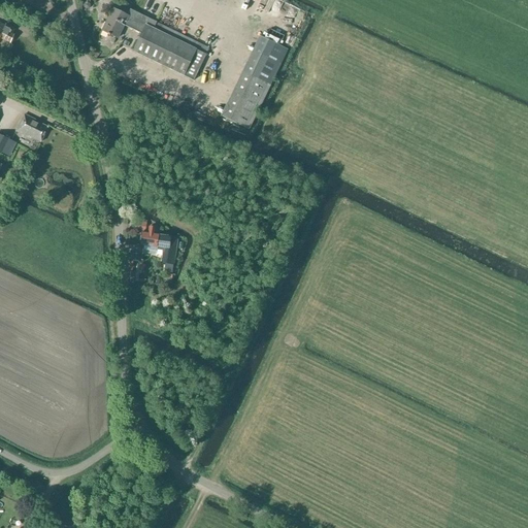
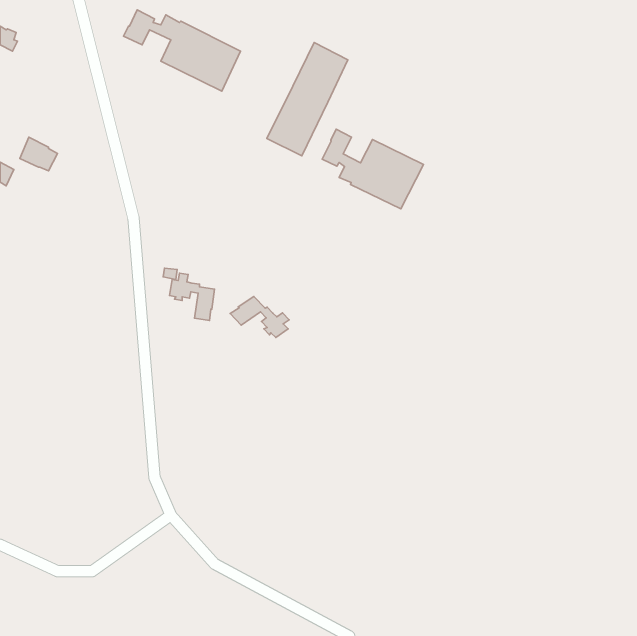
building: none -> [322,129,423,209]
building: none -> [230,296,289,338]

